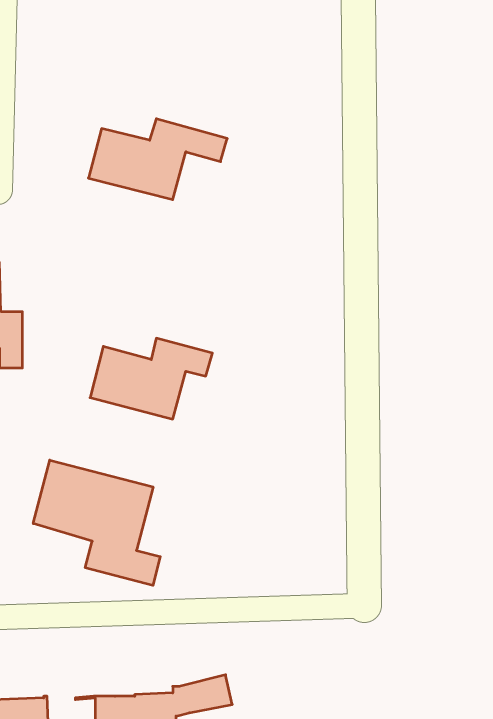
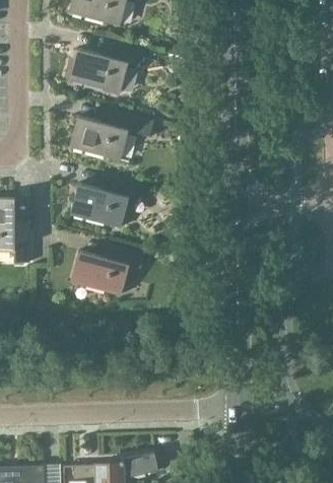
building: none -> [70,43,145,92]
building: none -> [71,177,145,227]
building: [33,460,160,585] -> none

